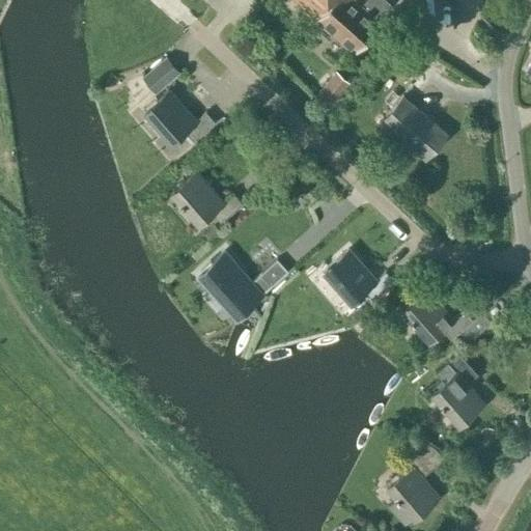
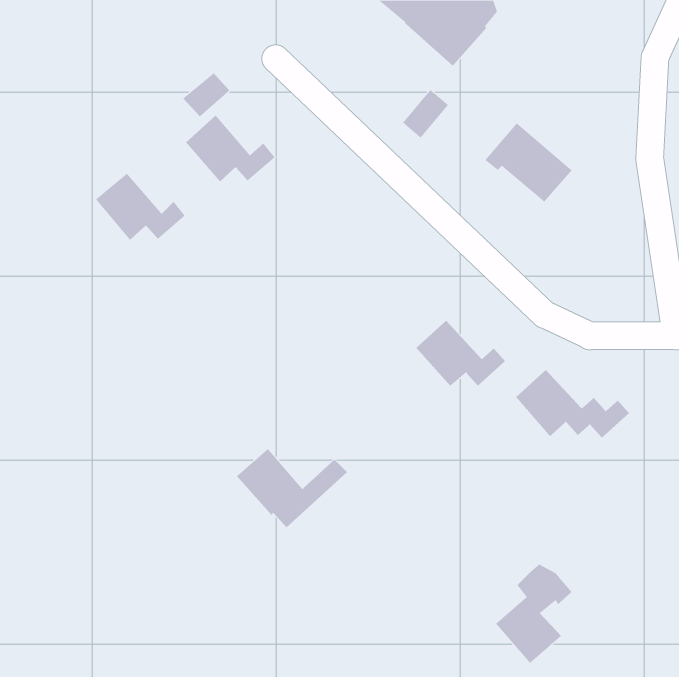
building: [172,173,243,226] -> [95,173,186,241]
building: [200,255,287,317] -> [236,448,348,528]
building: [432,356,484,426] -> none

